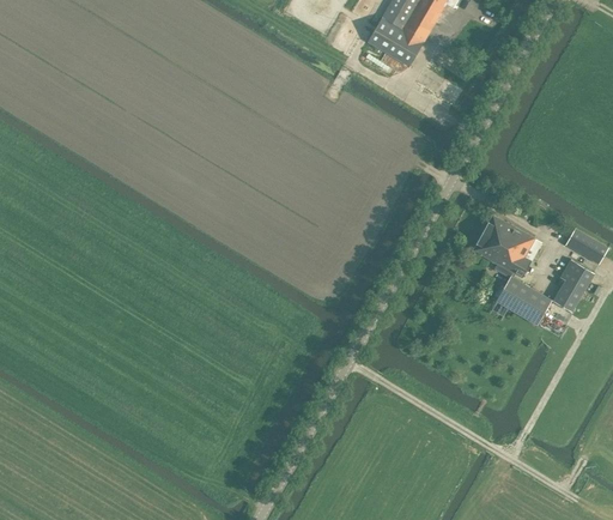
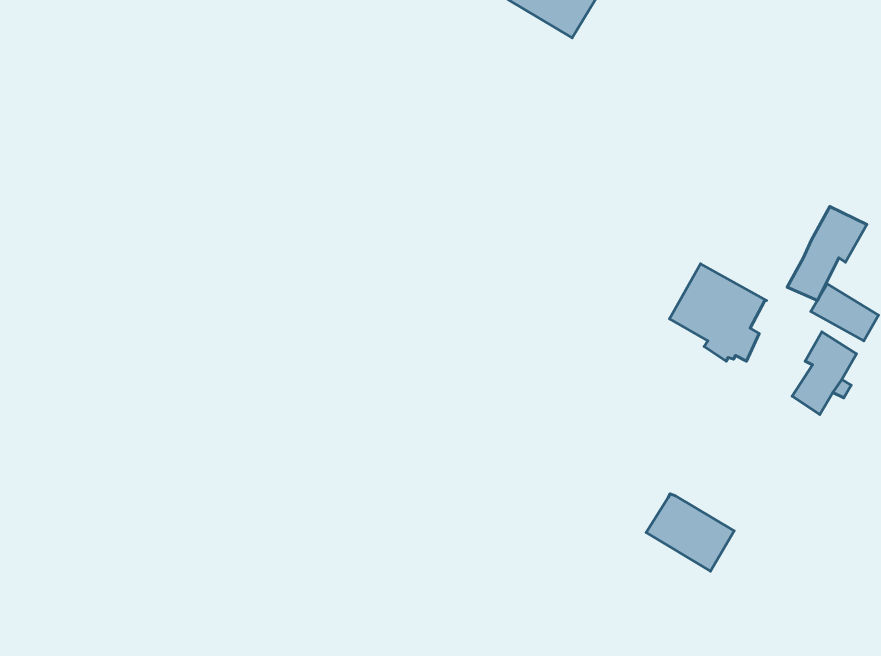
building: none -> [787,207,867,300]
building: [494,274,552,325] -> [646,494,734,571]

